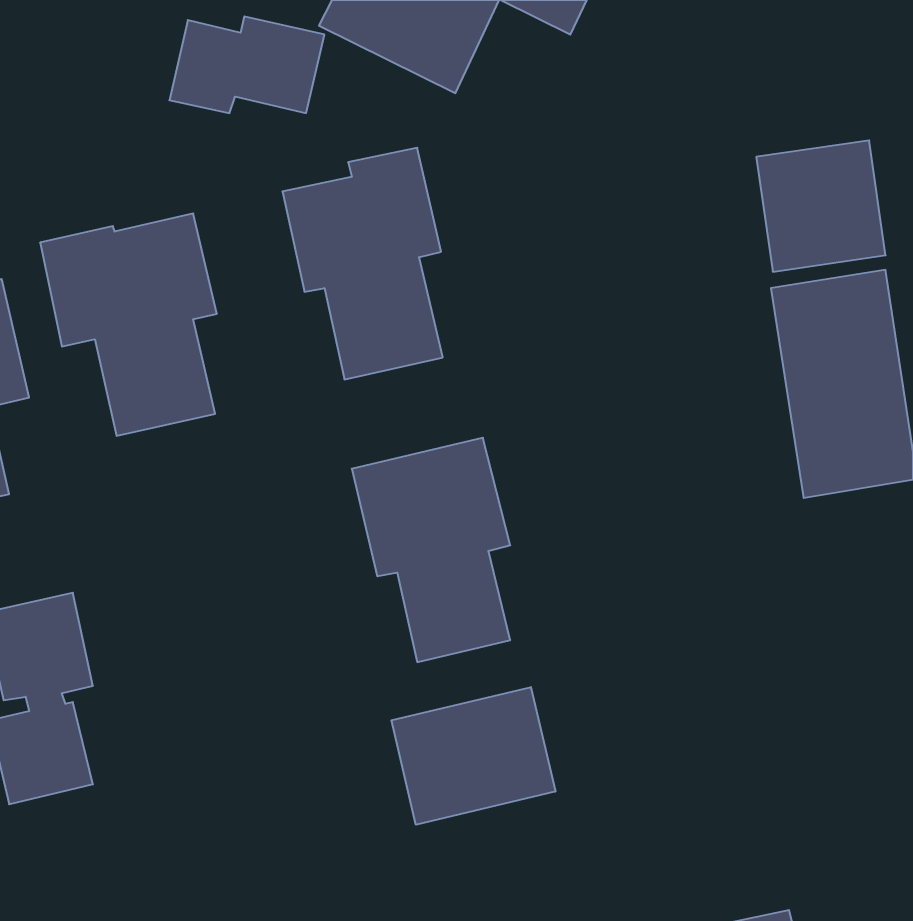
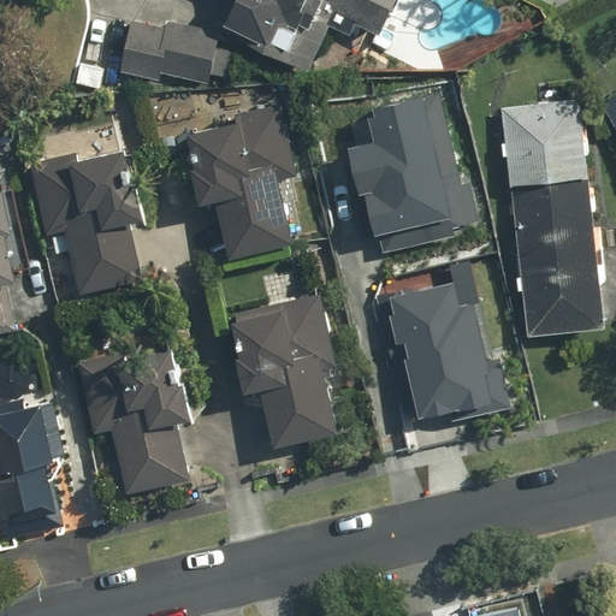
building: none -> [338,90,475,254]
building: none -> [375,284,507,422]
building: none -> [75,339,195,492]
building: [391,687,555,825] -> none

